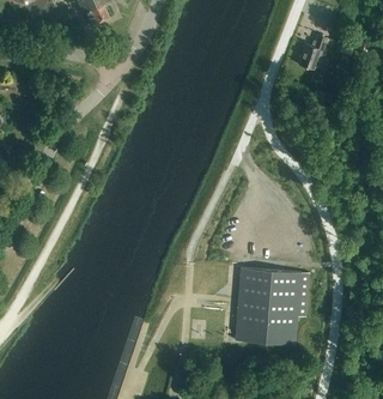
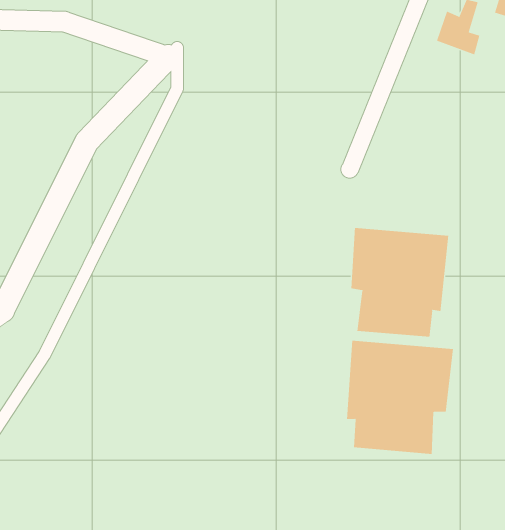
building: none -> [351,227,449,338]

